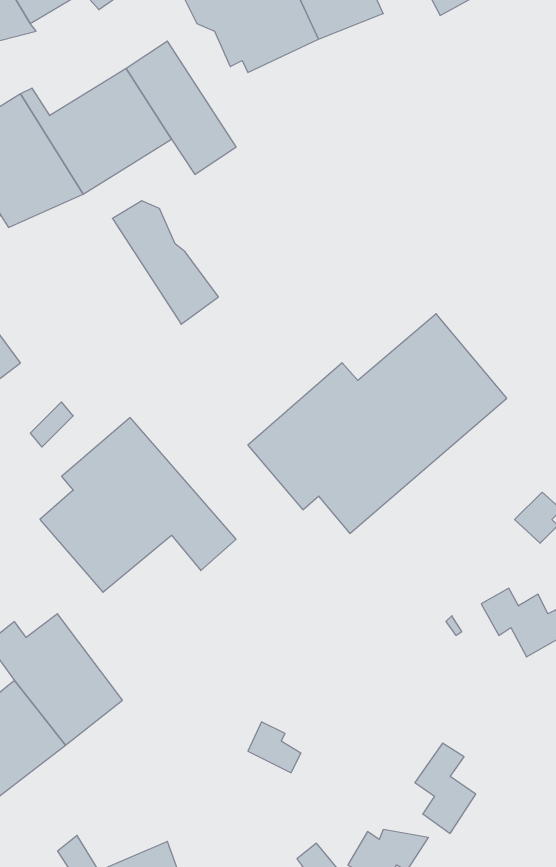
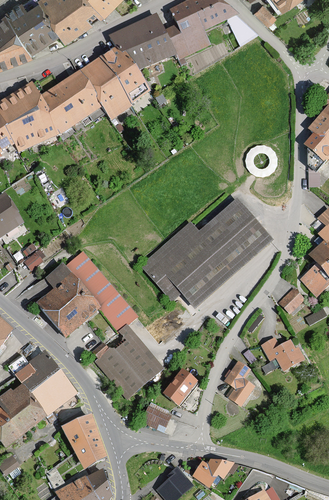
building: [112,201,218,324] -> [101,49,155,112]
building: none -> [90,324,163,398]
building: none -> [164,371,199,407]
building: none -> [60,411,104,465]
building: [415,743,476,833] -> [224,362,255,408]

